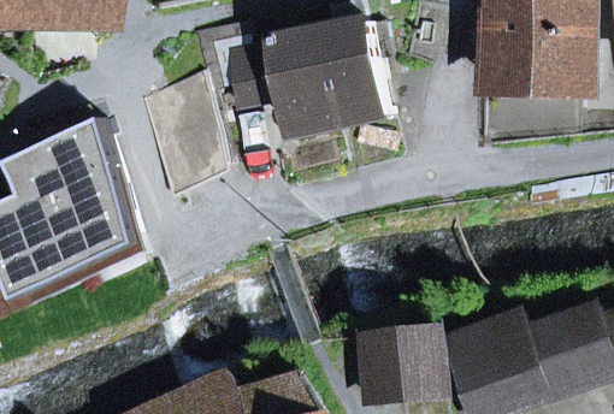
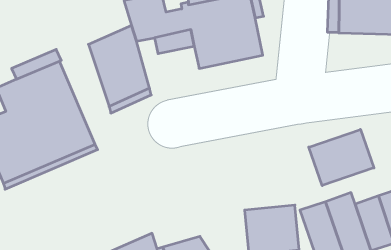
building: none -> [309,129,374,186]

